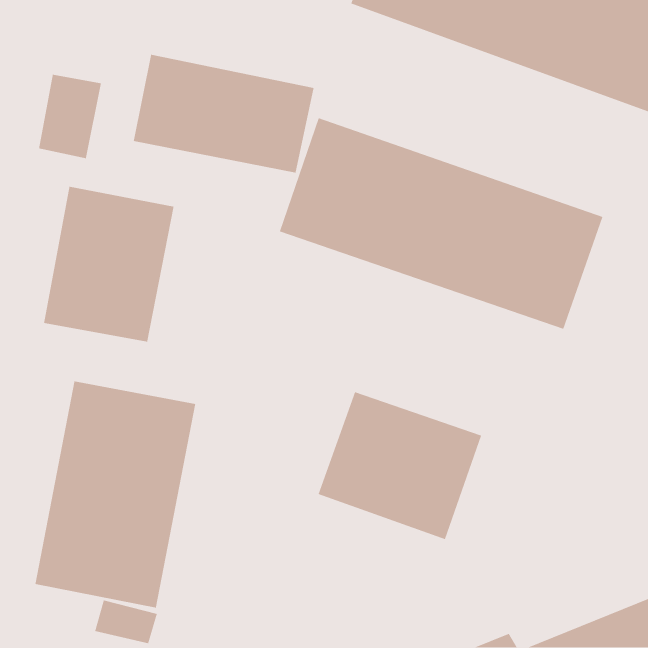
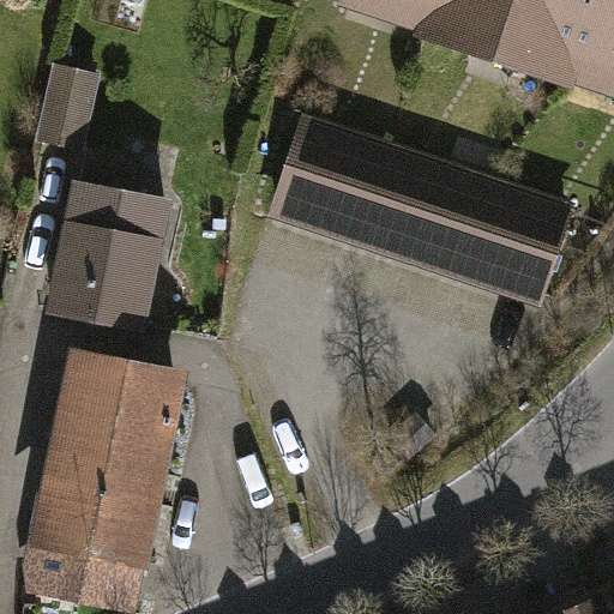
building: [133,54,315,174] -> none
building: [318,391,482,540] -> none

